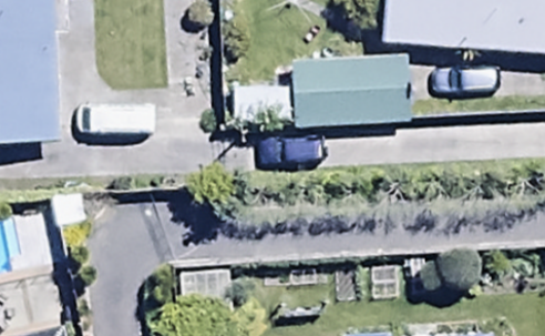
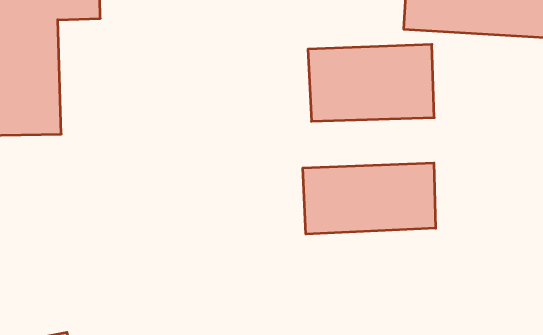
building: none -> [303,163,436,234]

